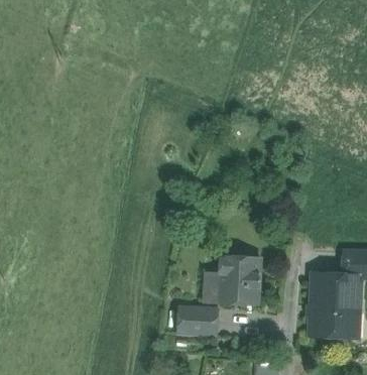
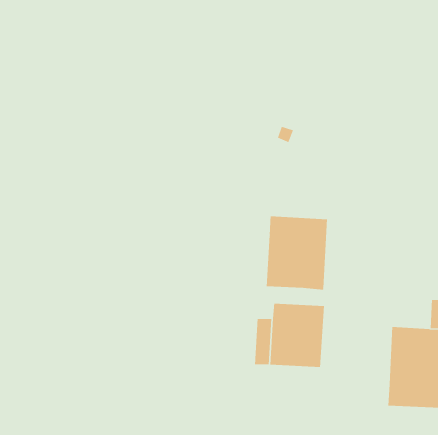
building: none -> [266,215,327,290]
building: [176,306,218,334] -> none

